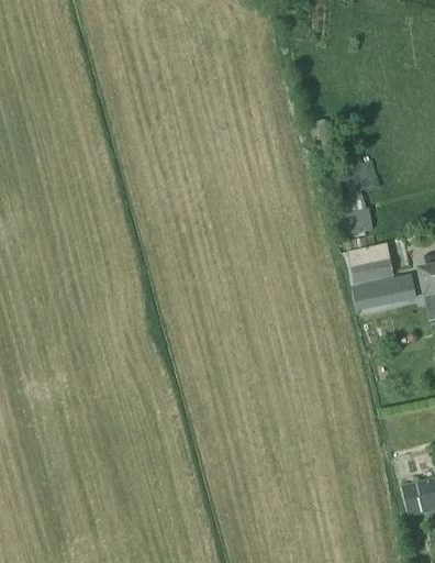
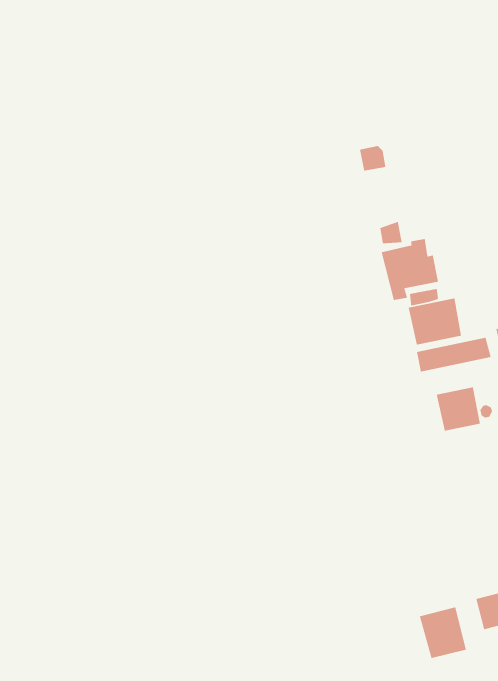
building: none -> [436,387,481,431]
building: none -> [419,606,466,659]

